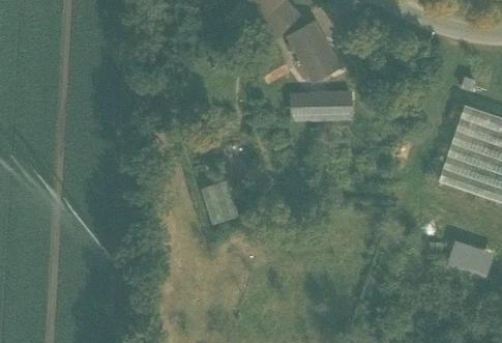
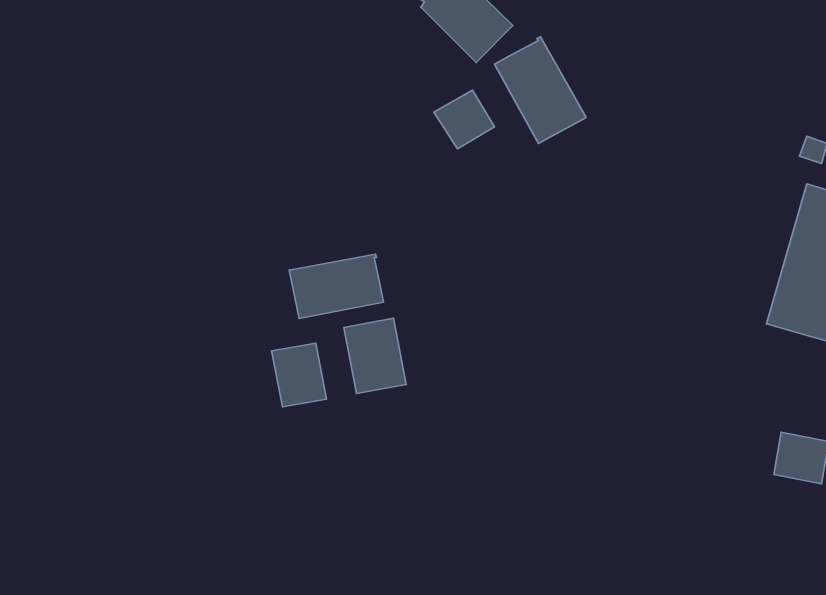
building: [290,89,352,123] -> none
building: none -> [289,254,383,319]
building: none -> [272,343,327,407]

